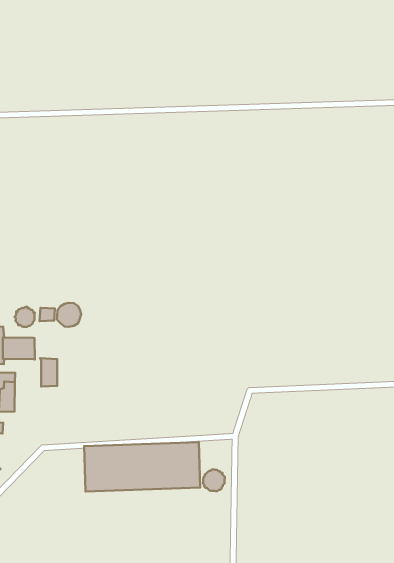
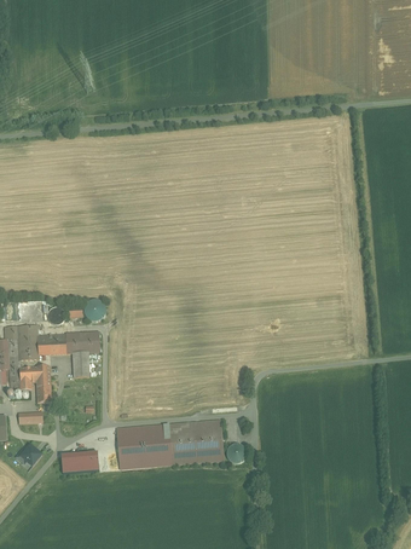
building: none -> [64,330,99,352]
building: none -> [64,451,102,472]

